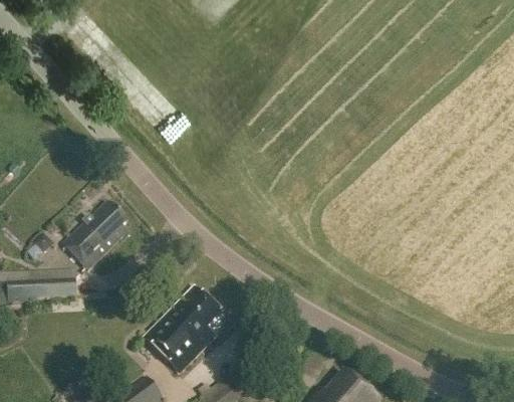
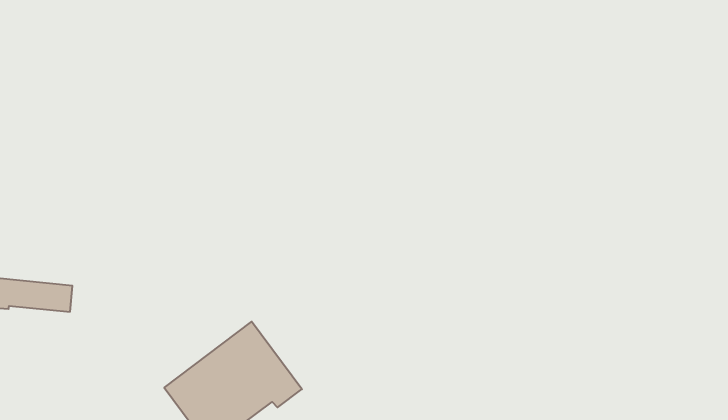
building: [62,199,127,269] -> none

